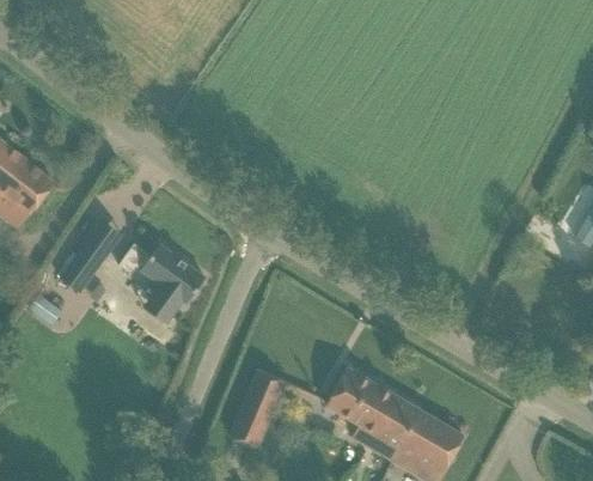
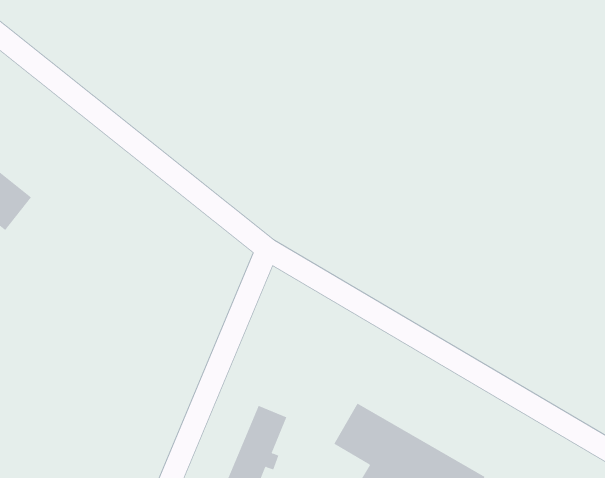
building: [59,238,106,291] -> none
building: [117,243,203,315] -> none

